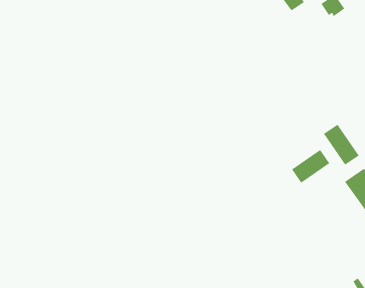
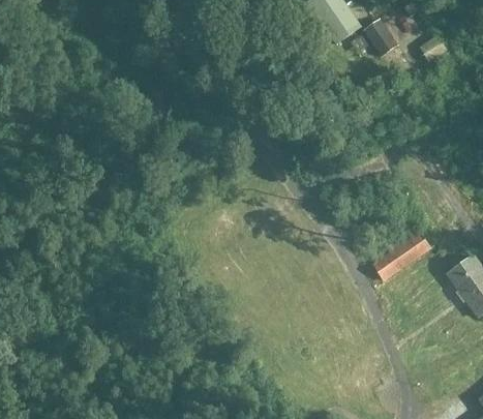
building: [323,124,360,166] -> none

